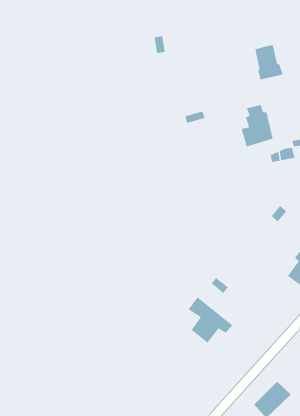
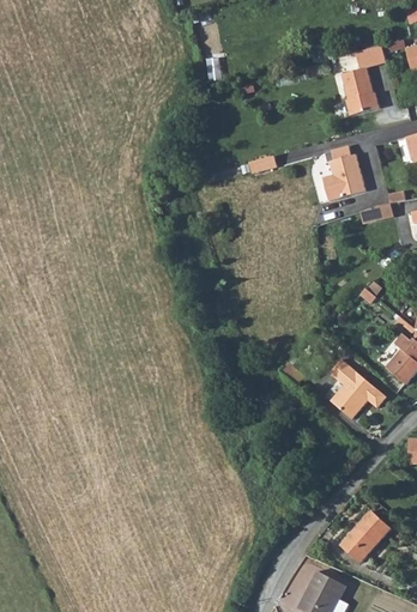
building: none -> [355,43,386,67]
building: [188,296,233,344] -> [332,364,392,426]

